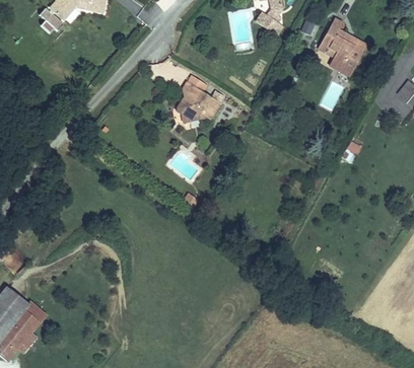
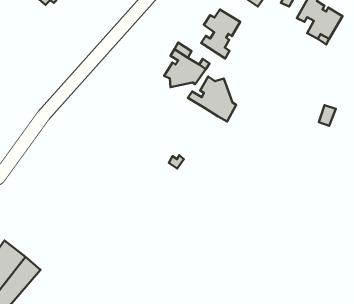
building: none -> [201,9,240,59]
building: none -> [188,77,236,121]

